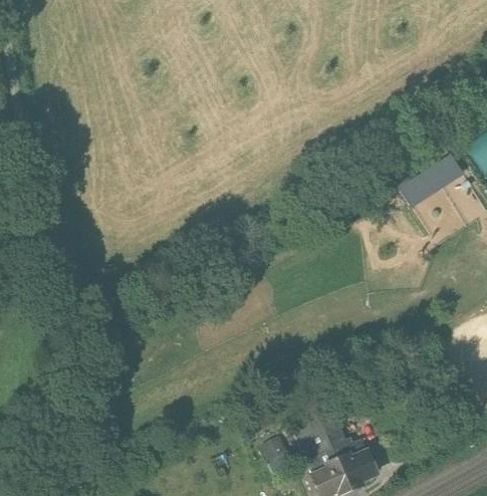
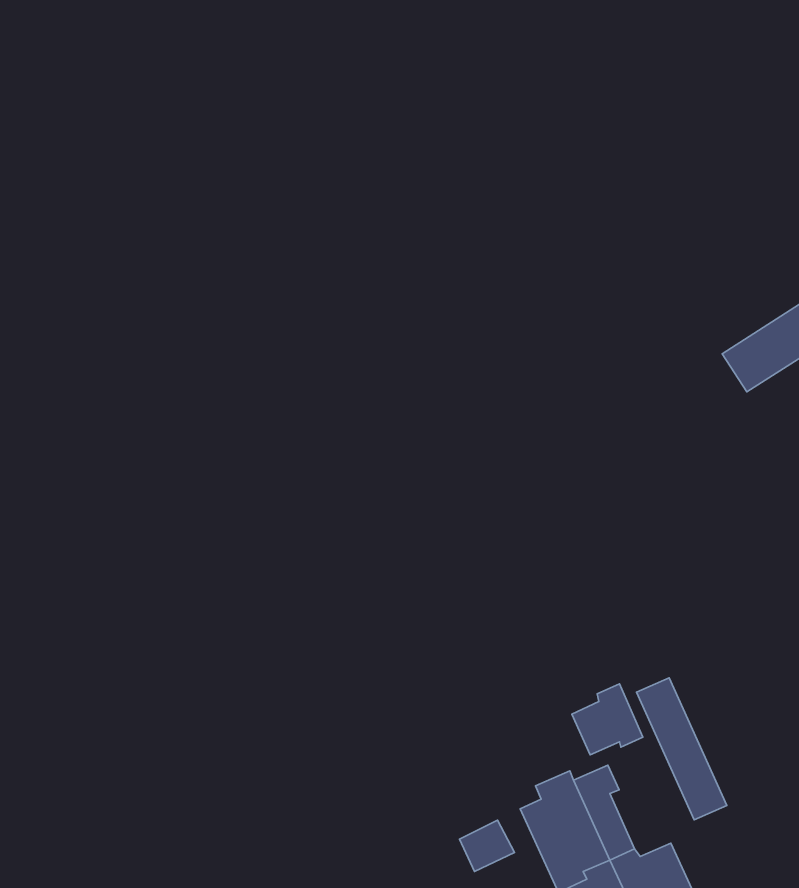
building: none -> [636,678,727,820]
building: none -> [572,684,643,755]

